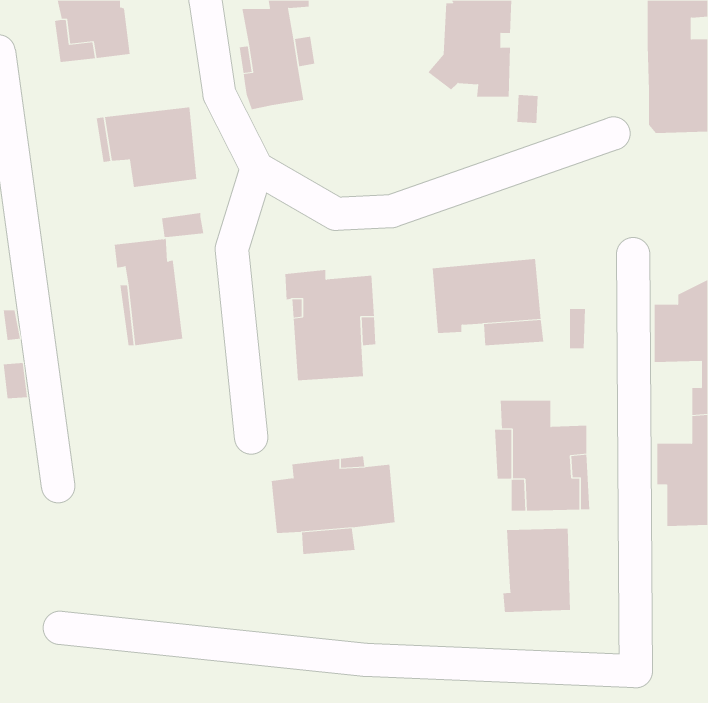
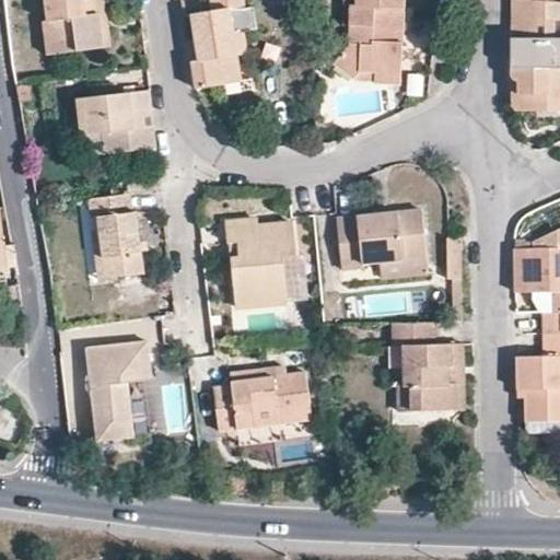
building: none -> [86,339,151,439]
building: [503,528,570,613] -> none

